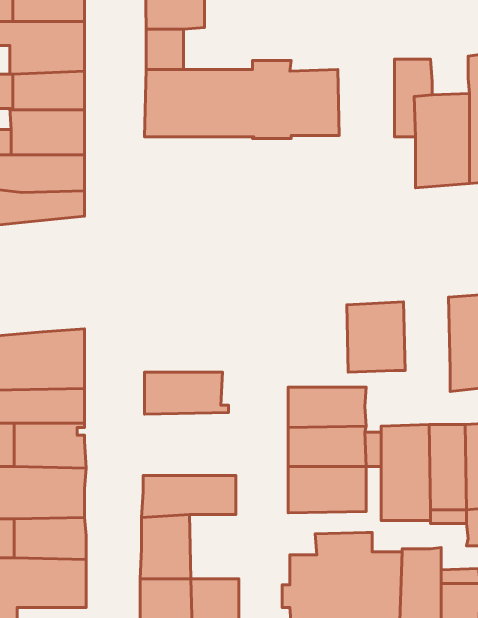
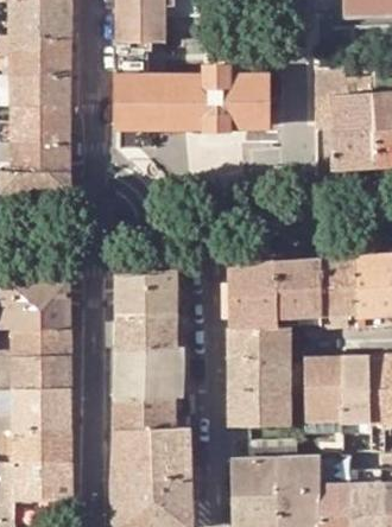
building: none -> [322,255,359,329]
building: none -> [229,261,278,326]
building: none -> [116,272,178,315]
building: none -> [115,347,183,396]
building: none -> [152,427,191,478]

